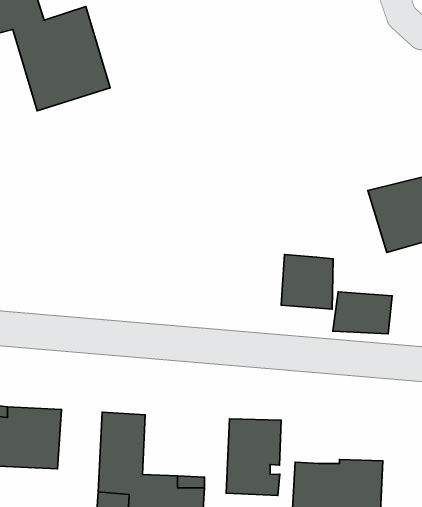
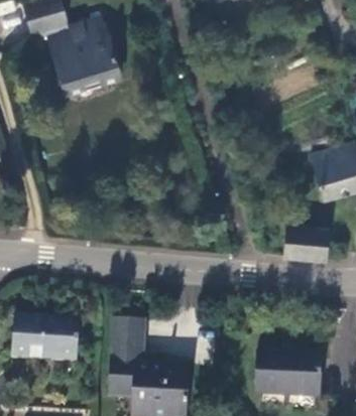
building: [281,255,333,309] -> none
building: [226,419,281,496] -> none

